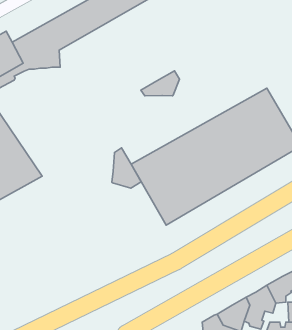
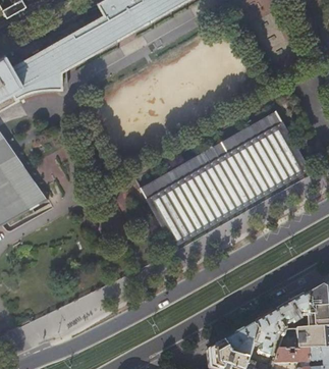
building: [141,71,179,96] -> none
building: [112,148,141,188] -> none

